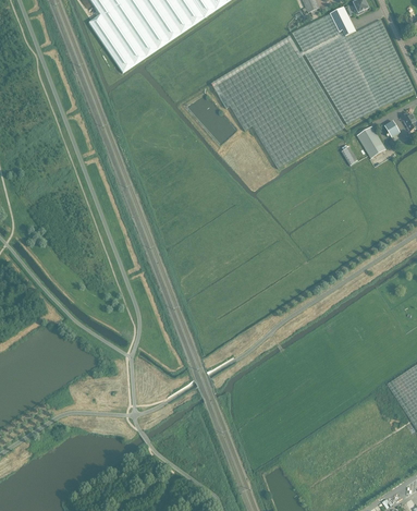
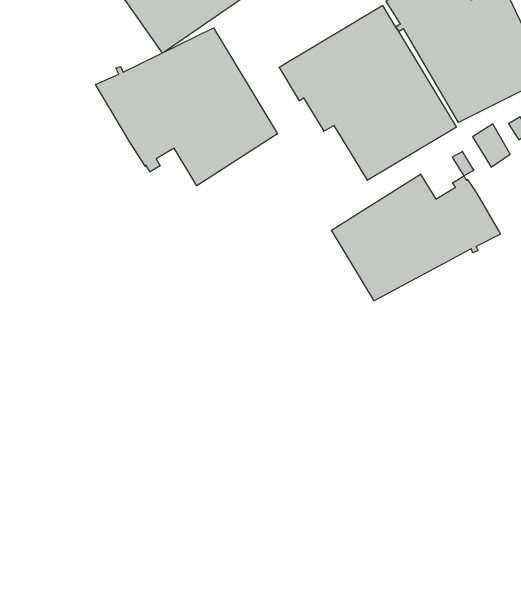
building: none -> [96,28,278,186]
building: none -> [331,174,501,301]

